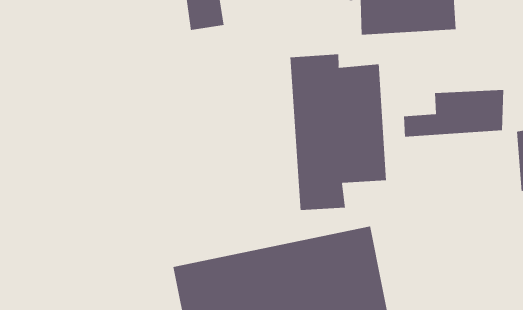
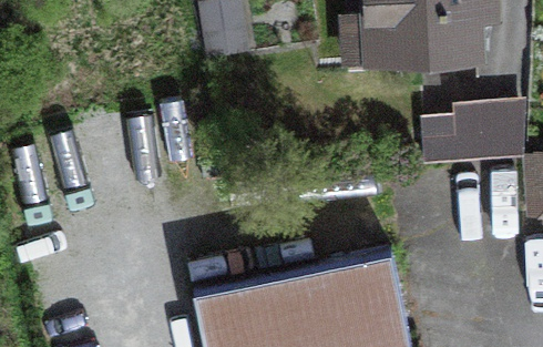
building: [290,53,387,211] -> none

